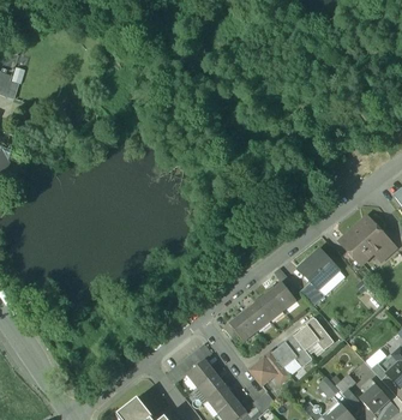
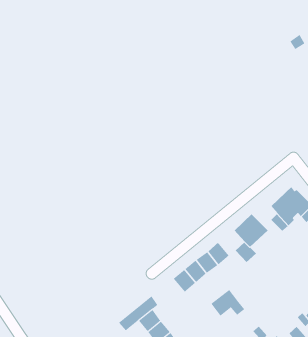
building: [294,319,334,350] -> none
building: [251,353,290,384] -> none

